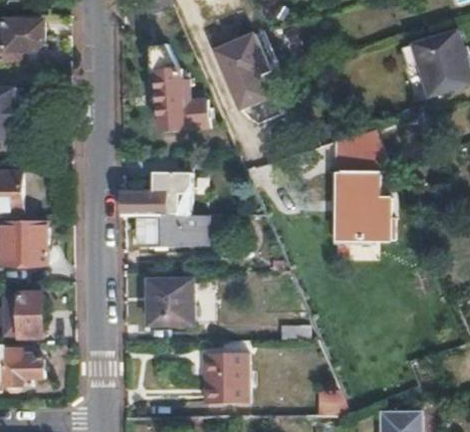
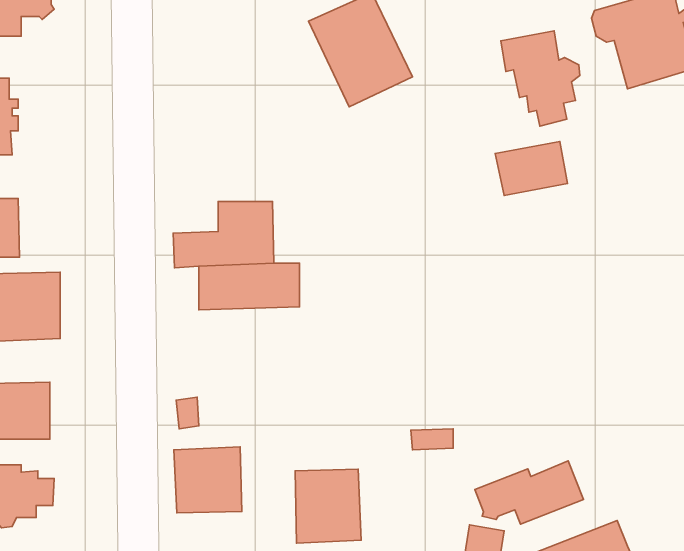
building: none -> [501,31,580,126]
building: [155,67,207,129] -> none
building: [335,170,395,245] -> none
building: [148,278,193,322] -> [174,447,242,513]
building: none -> [475,461,583,524]

